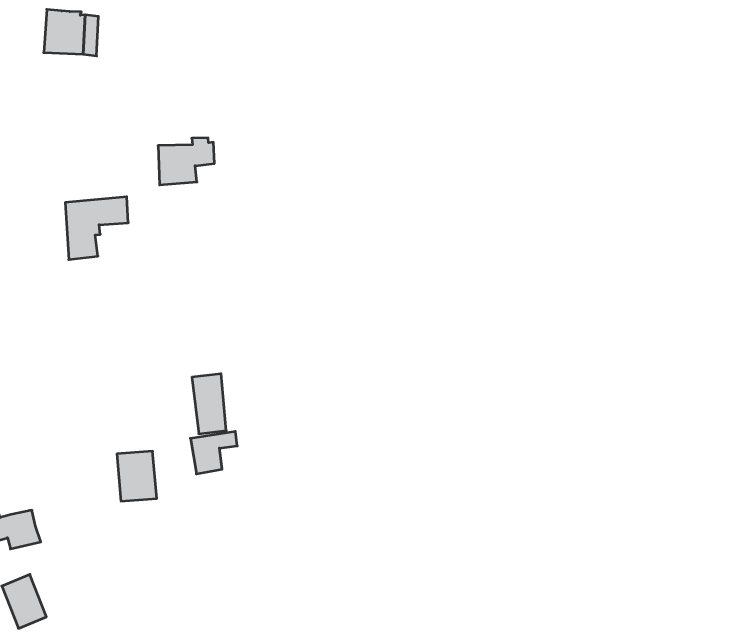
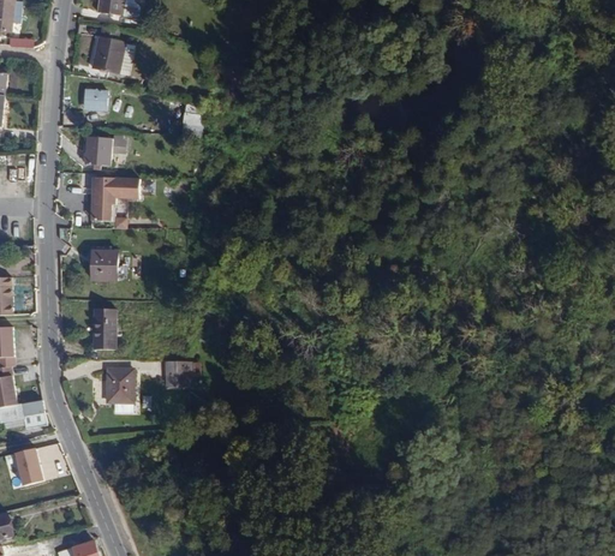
building: none -> [83,89,107,110]
building: [158,138,214,185] -> [83,133,126,166]
building: none -> [88,247,114,279]
building: [192,374,226,434] -> [94,306,115,348]

